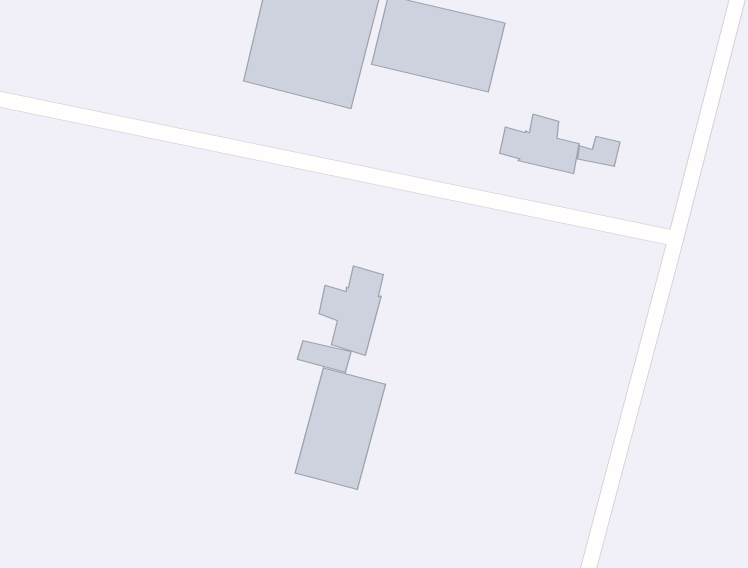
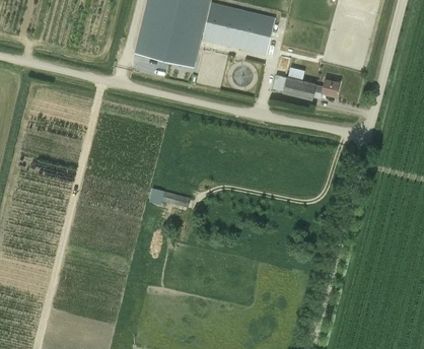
building: [319,266,383,355] -> none
building: [295,368,385,490] -> none

